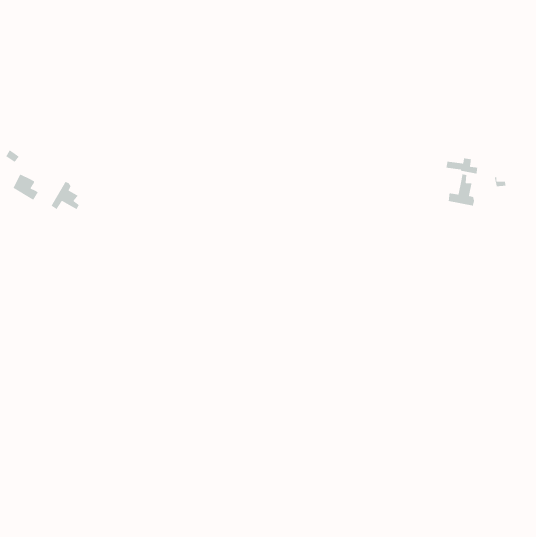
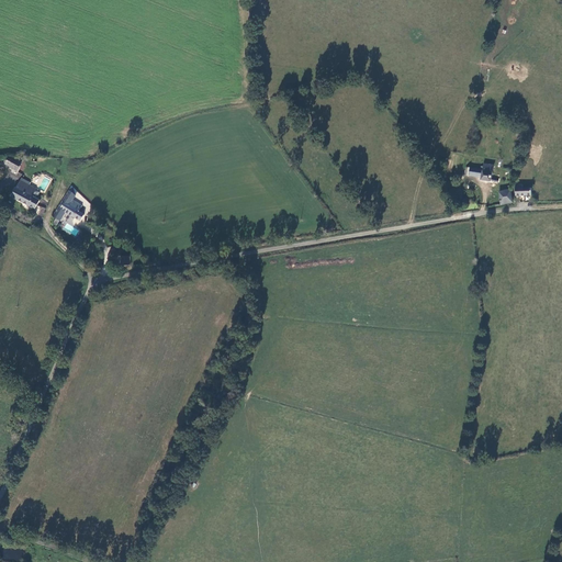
building: [448,174,475,206] -> none

